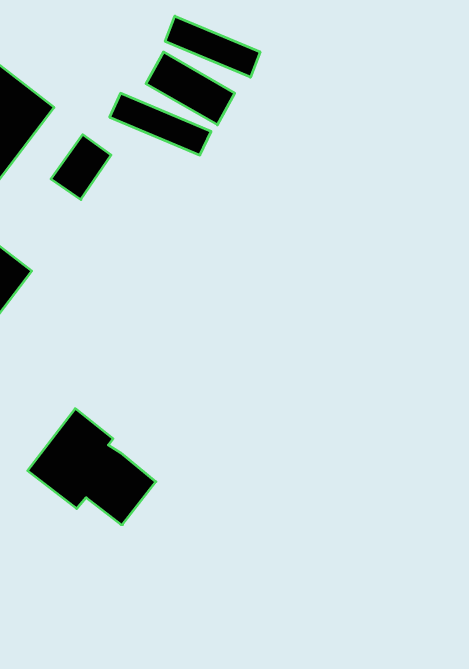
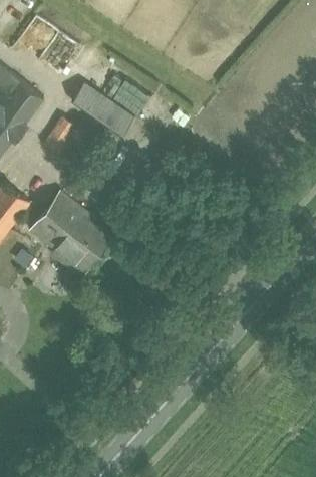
building: [165,16,260,77] -> none
building: [28,409,156,525] -> [29,193,110,266]

